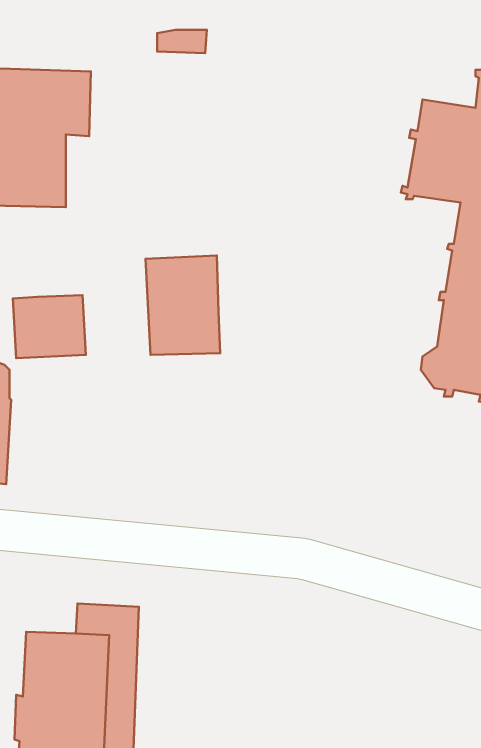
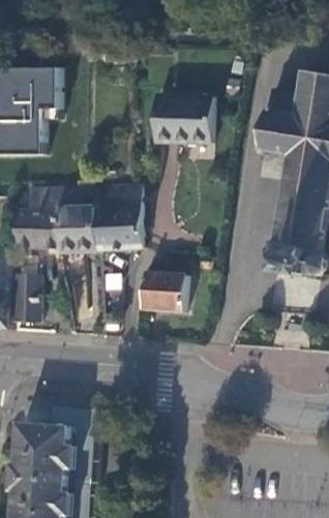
building: none -> [154,97,210,145]
building: none -> [27,189,98,280]
building: none -> [142,273,186,313]
building: none -> [13,274,38,324]

